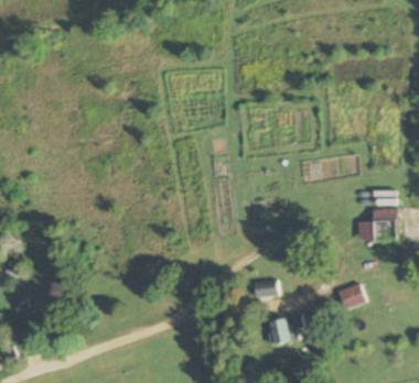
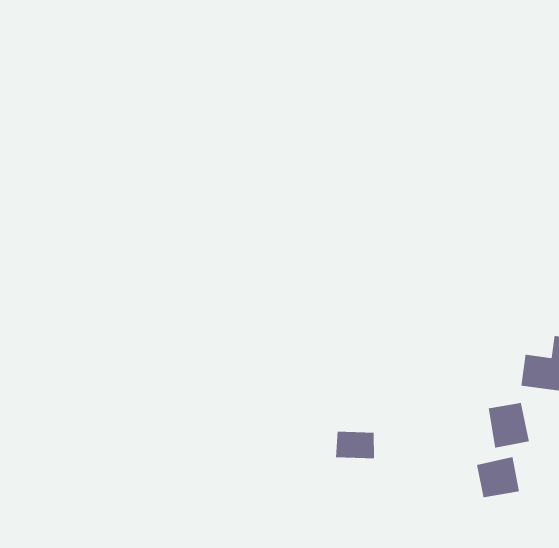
building: none -> [488,402,530,449]
building: [269,316,302,343] -> none

